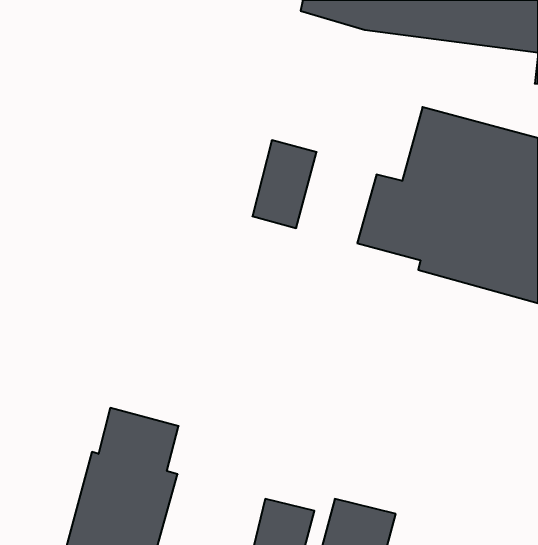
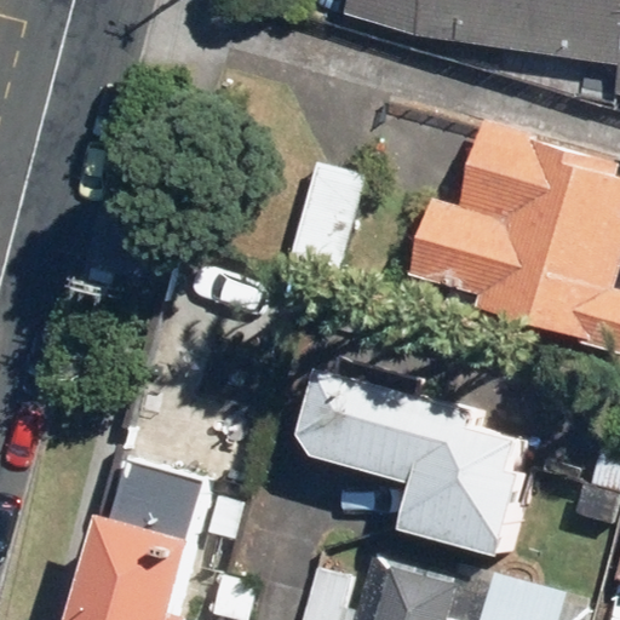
building: none -> [306,358,532,558]

